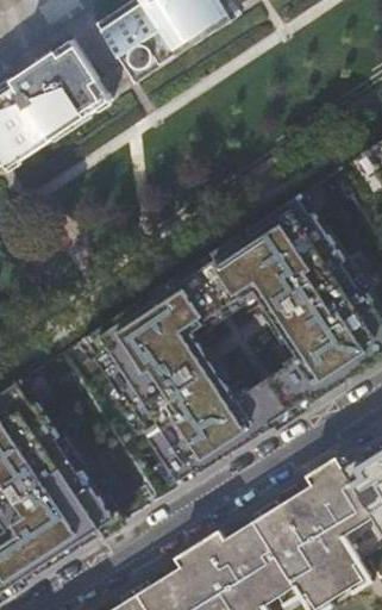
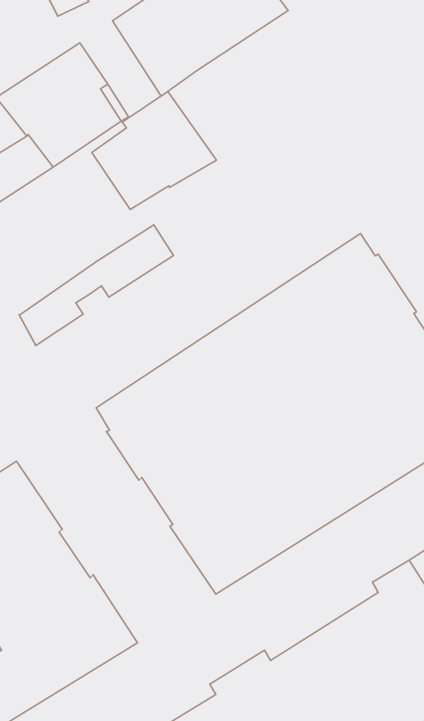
building: none -> [92,92,216,209]
building: none -> [19,225,173,345]

